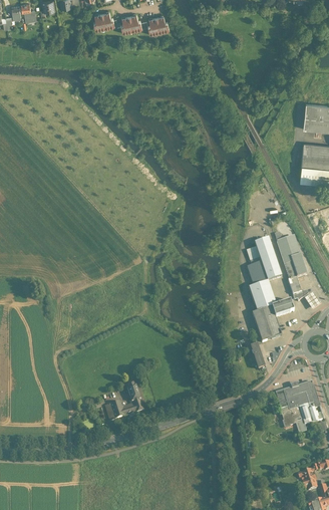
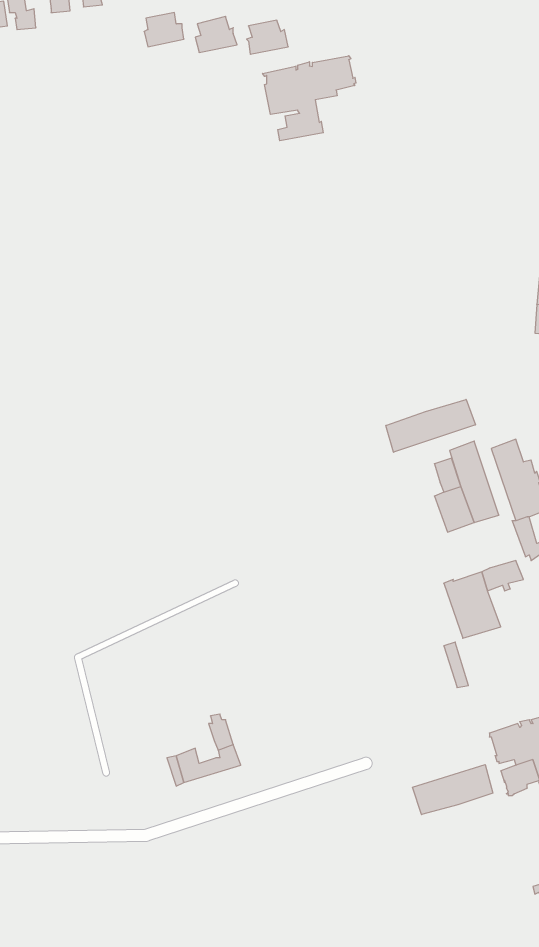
building: none -> [263,56,356,141]
building: none -> [386,399,475,452]
building: [249,281,276,312] -> none
building: none -> [412,765,493,815]

